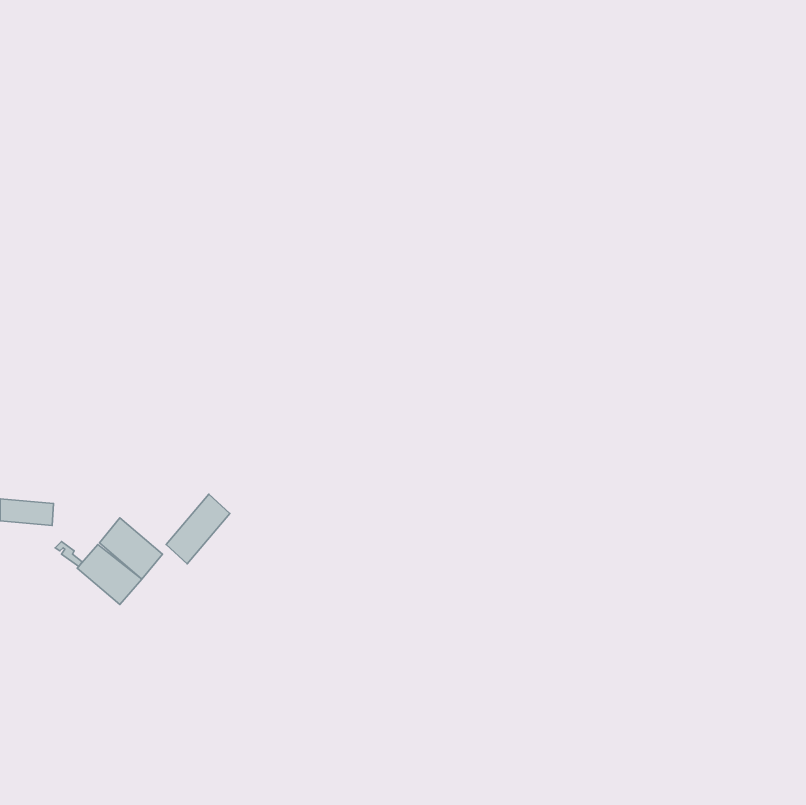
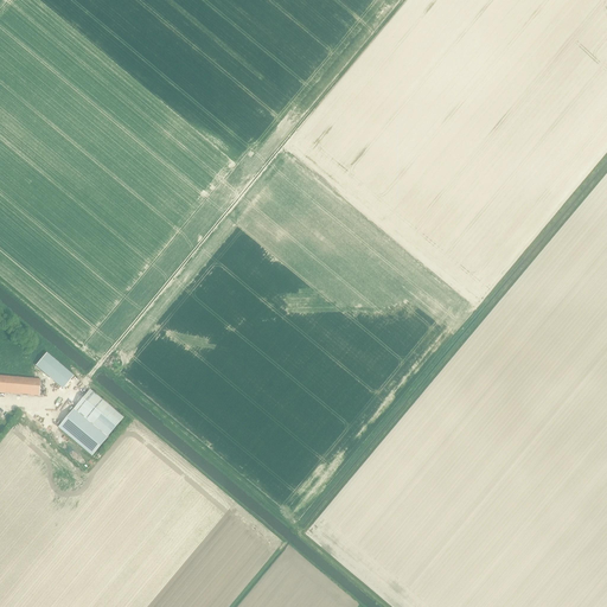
building: none -> [36,352,74,389]
building: [166,494,230,564] -> none

